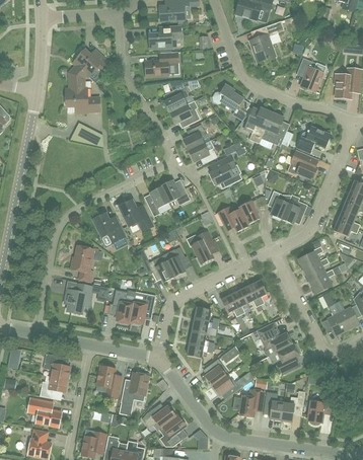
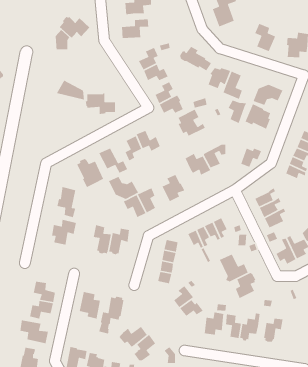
building: [64,88,99,113] -> [85,93,116,115]
building: [269,191,291,220] -> [228,99,247,124]
building: none -> [108,176,139,200]

